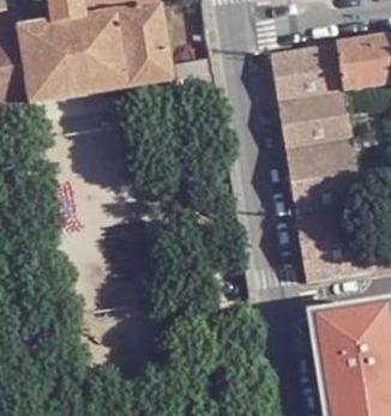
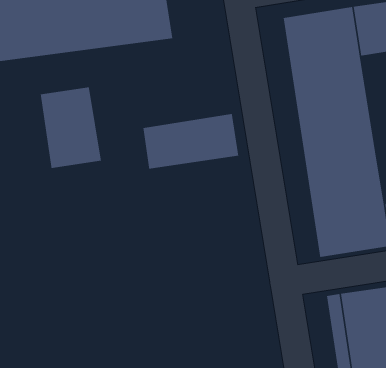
building: none -> [40,86,101,169]
building: none -> [143,113,239,170]

